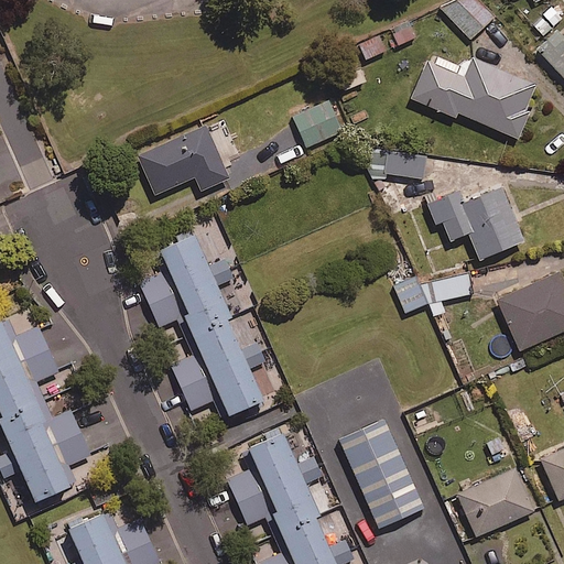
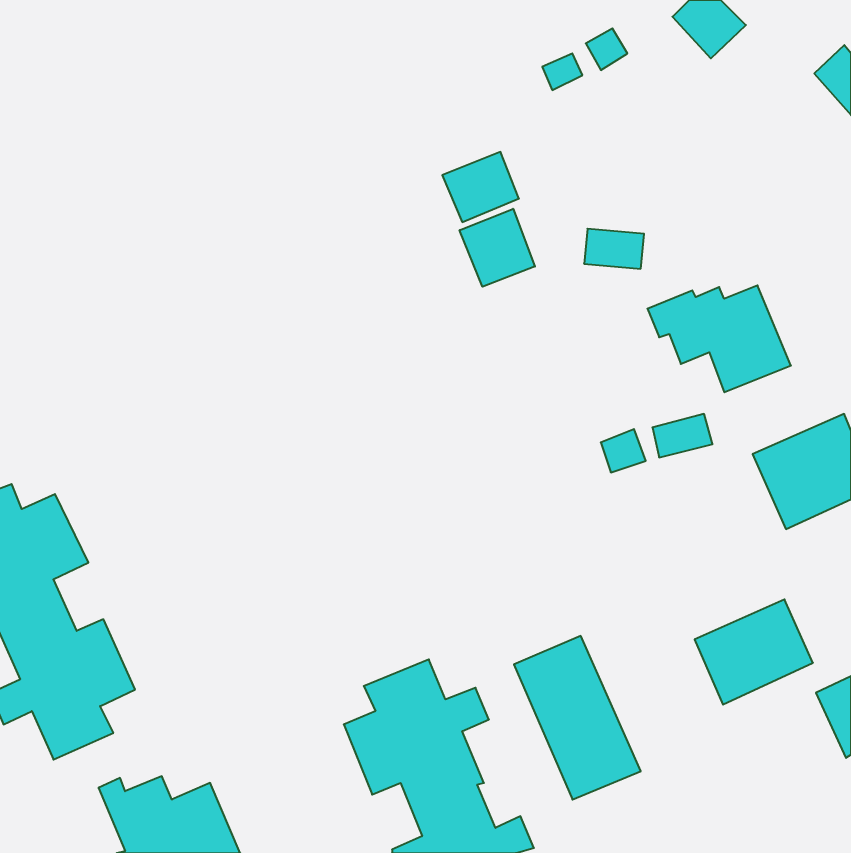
building: [411,57,535,139] -> none
building: [137,119,232,194] -> none
building: none -> [460,209,535,287]
building: [139,235,263,419] -> none
building: [457,467,535,536] -> [695,599,813,705]

